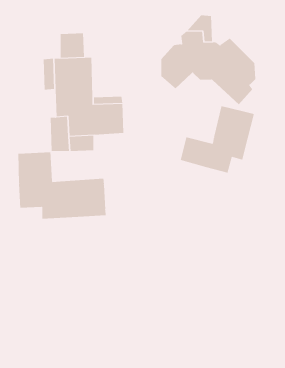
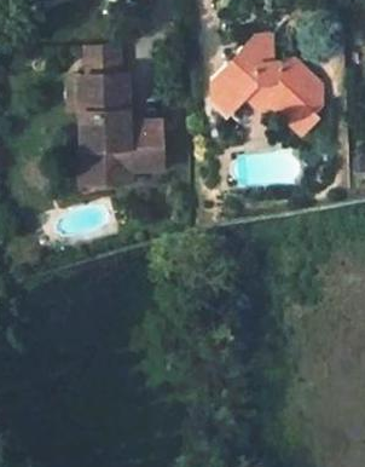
building: [180,105,254,173] -> none
building: [18,151,106,219] -> none

